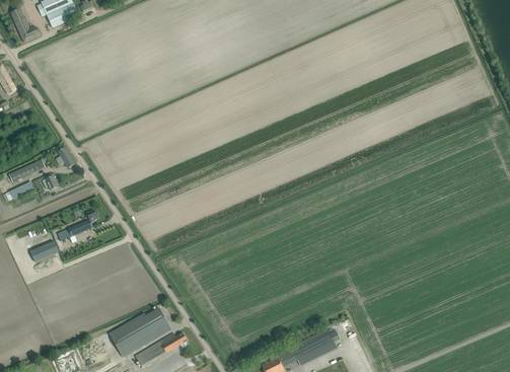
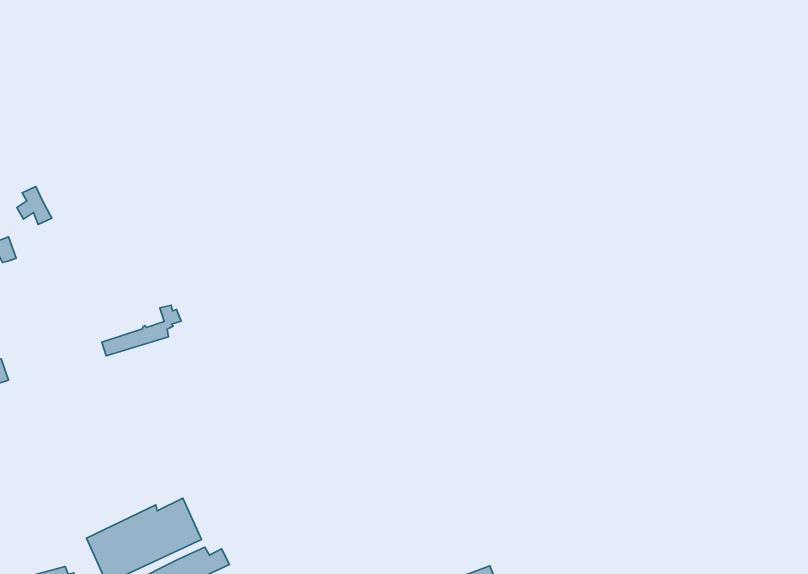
building: [57,210,98,240] -> [102,305,181,356]

